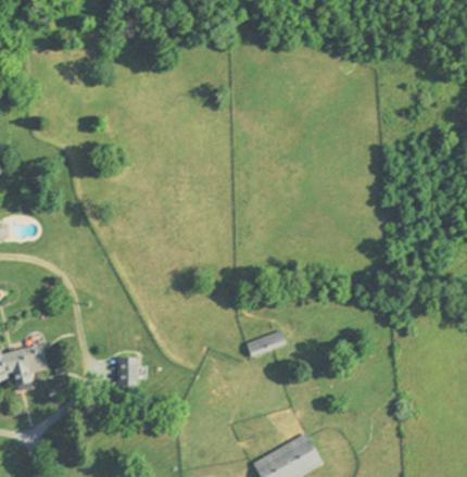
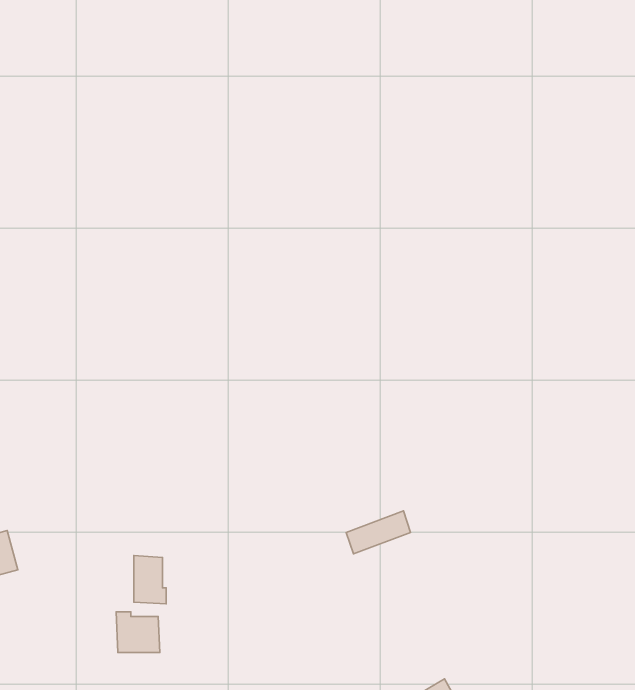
building: none -> [116,612,160,653]

